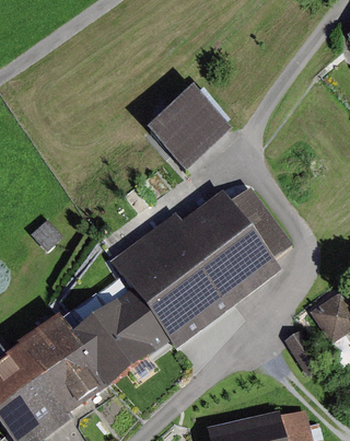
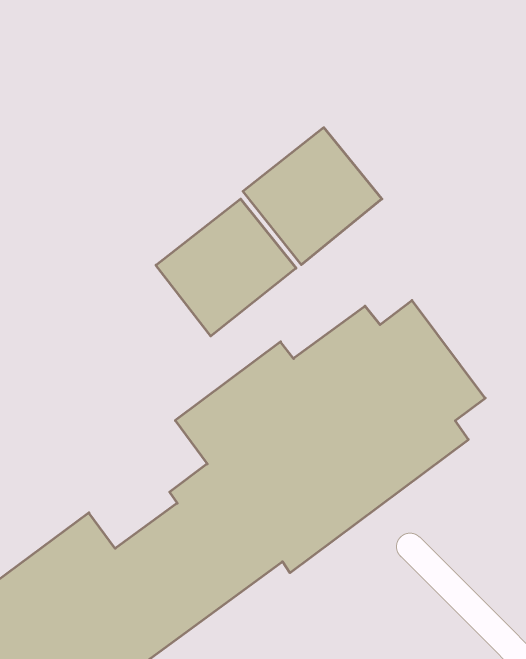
building: none -> [156,199,296,336]

